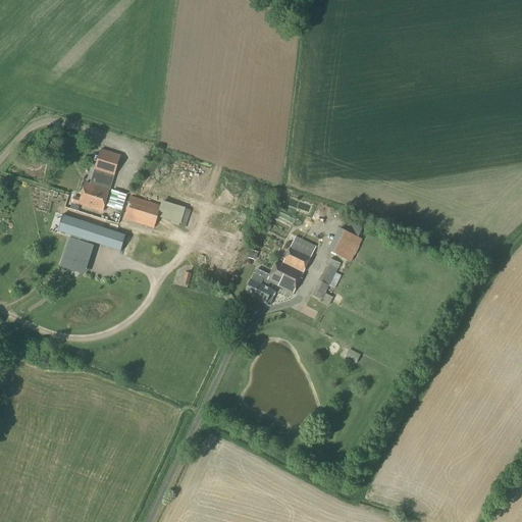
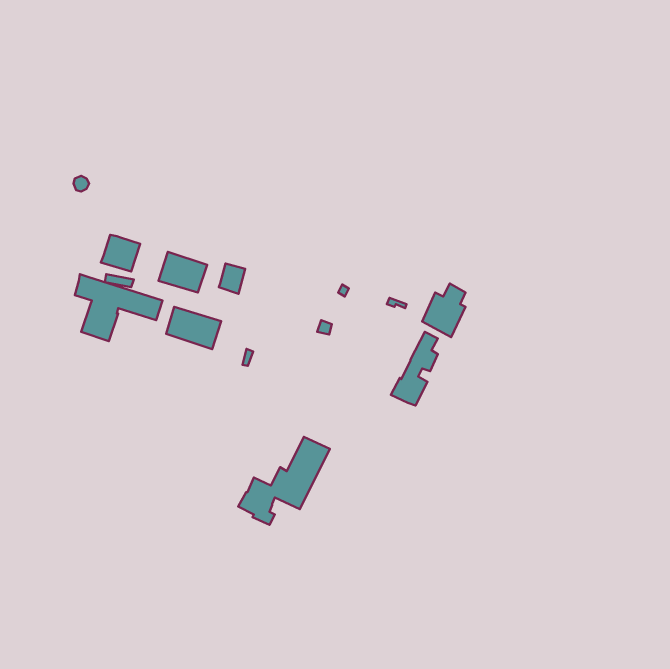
building: [91,149,120,185] -> none
building: [245,237,316,305] -> [238,437,330,525]
building: none -> [166,307,221,349]

